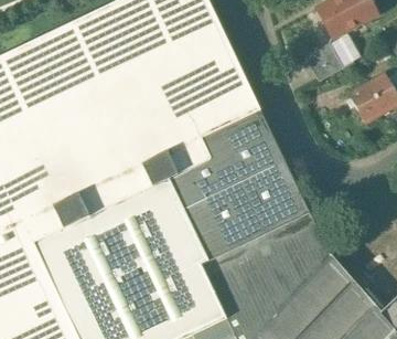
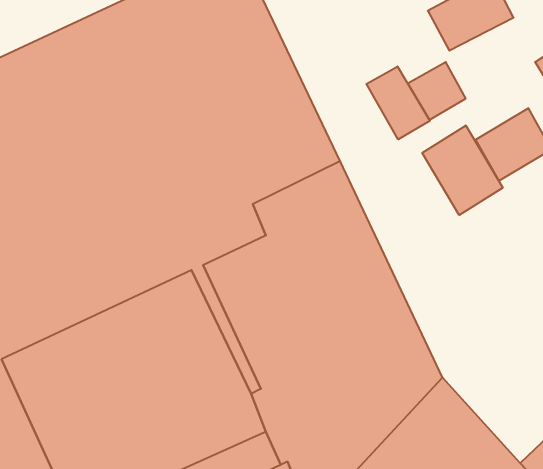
building: none -> [366,66,430,139]
building: none -> [422,125,503,215]

